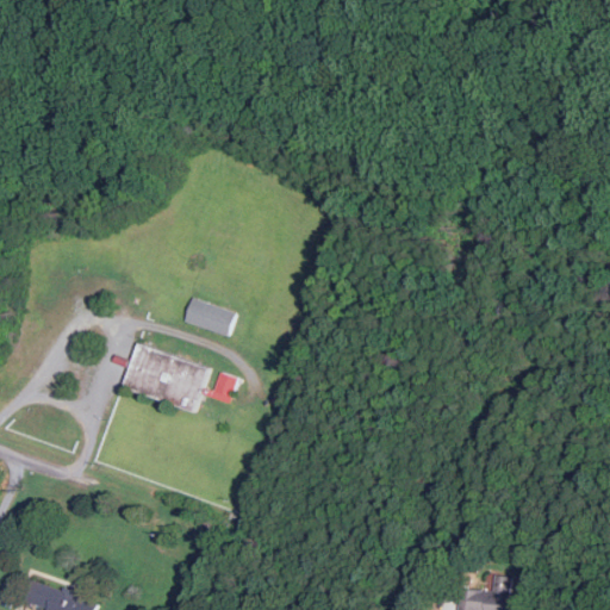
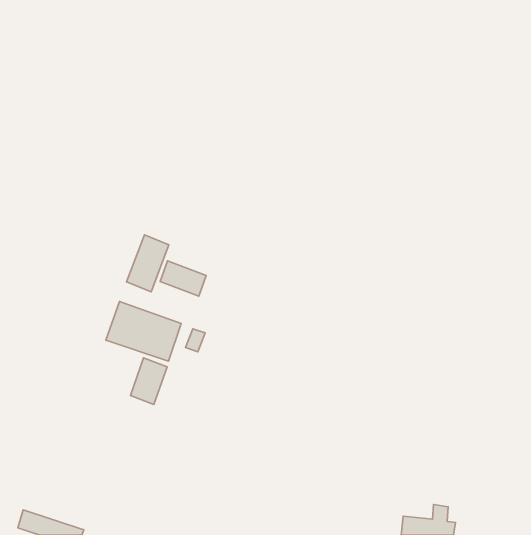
building: none -> [127,235,169,292]
building: none -> [130,358,167,404]

